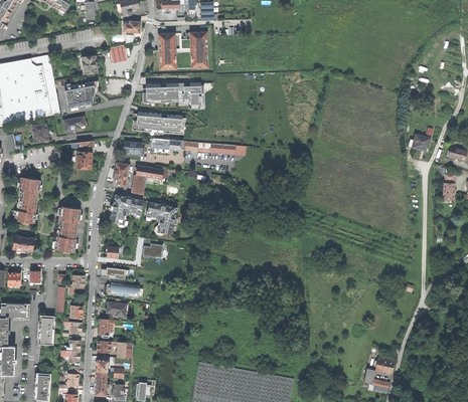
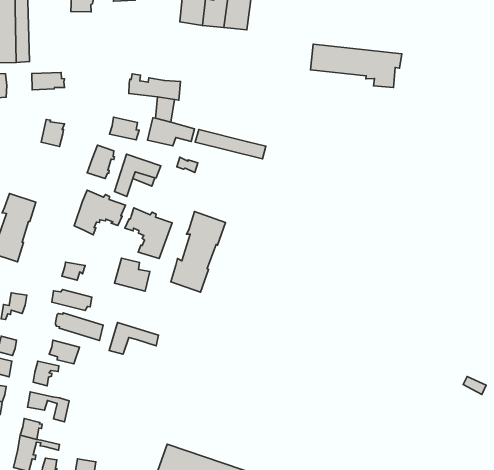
building: [145,80,207,106] -> [311,44,402,87]
building: [64,81,96,108] -> none
building: none -> [171,212,226,292]
building: none -> [109,322,158,354]

